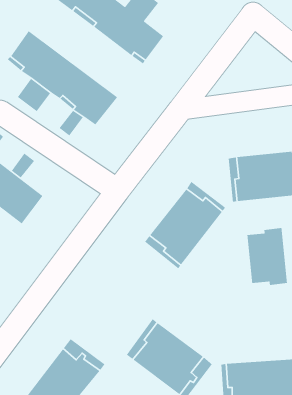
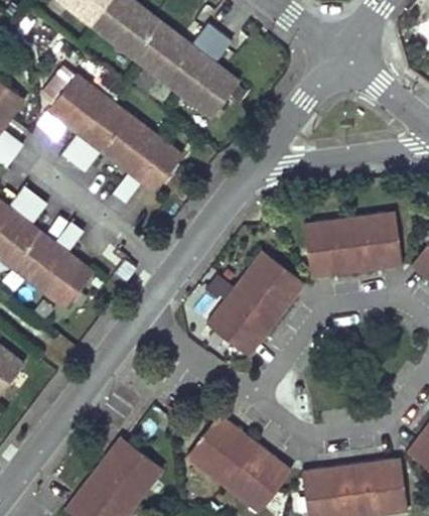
building: [246,227,288,286] -> none

